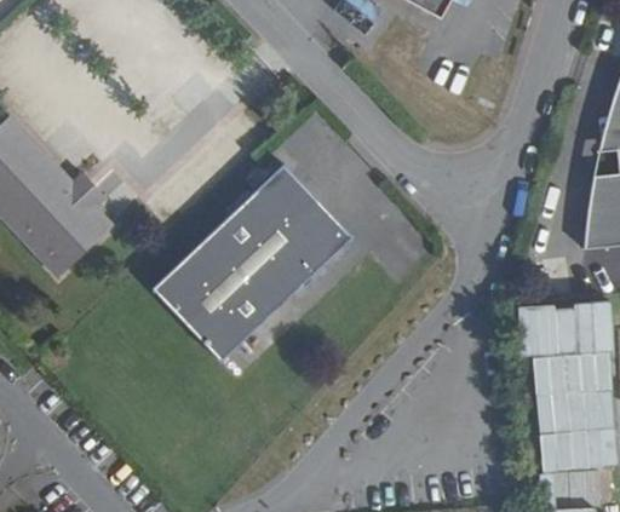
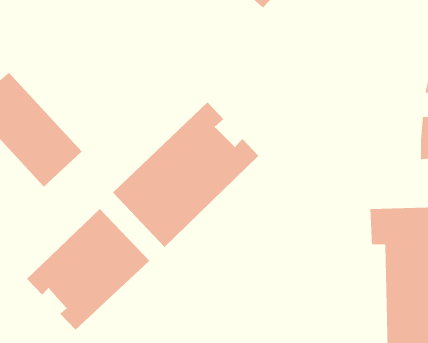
building: none -> [26,208,150,331]

